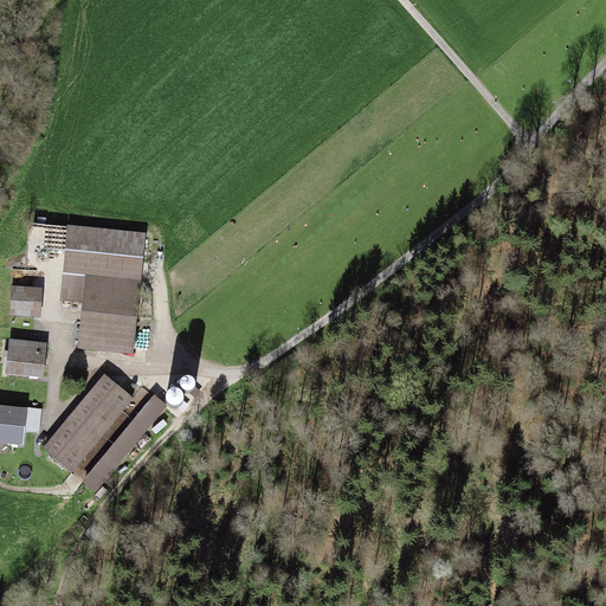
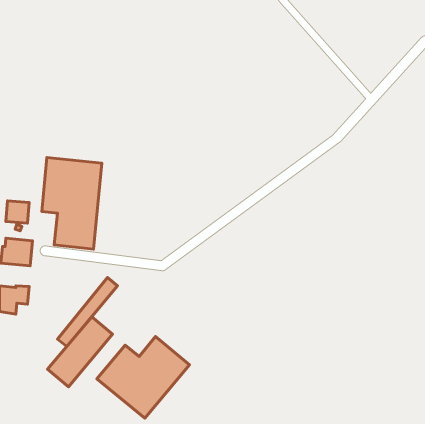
building: [41,374,134,473] -> [48,317,113,387]
building: none -> [97,337,189,418]

